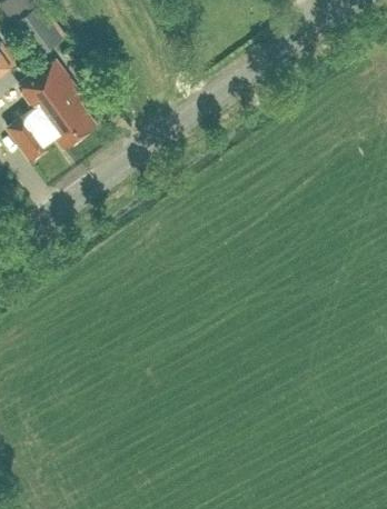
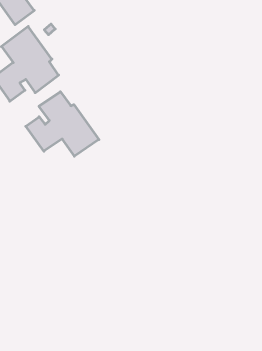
building: none -> [26,92,99,156]

